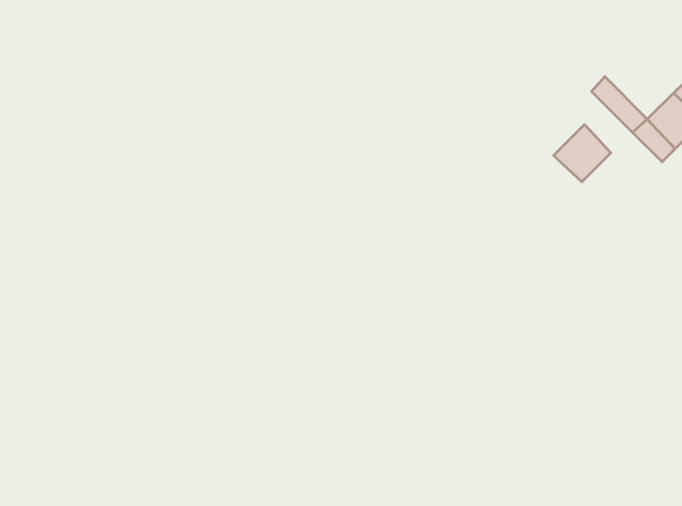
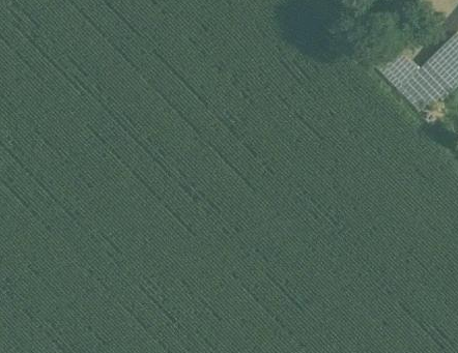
building: [554,125,611,182] -> none

